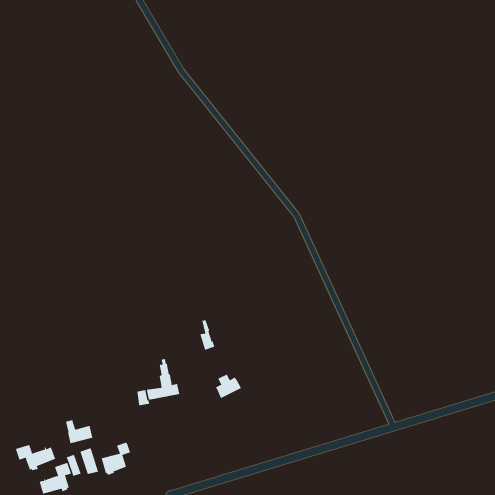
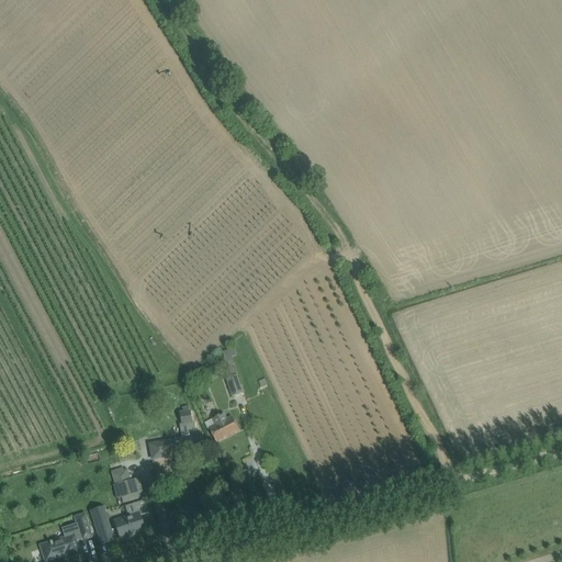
building: [215,374,242,399] -> [209,414,239,442]
building: [65,419,93,444] -> [111,472,143,499]
building: [15,444,56,471] -> none

